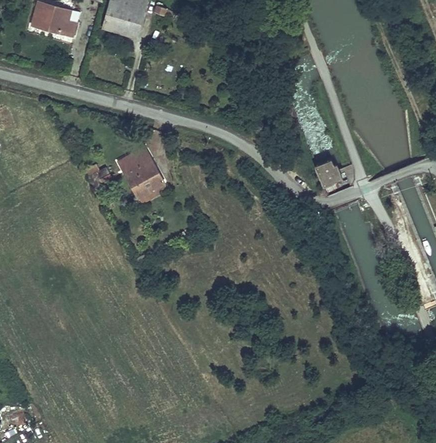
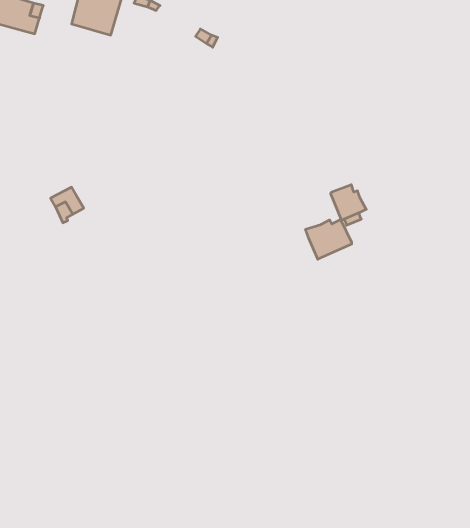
building: [119,148,165,199] -> none
building: none -> [306,219,352,259]

